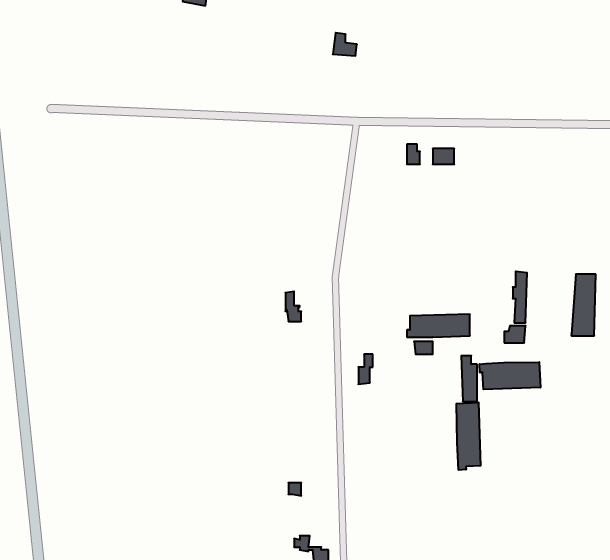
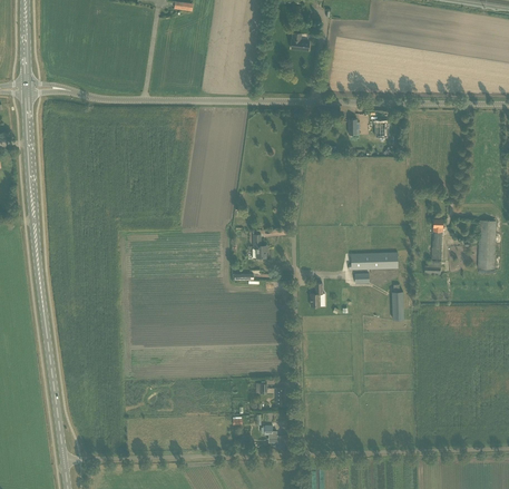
building: [480,362,540,389] -> none
building: [456,402,481,470] -> none

